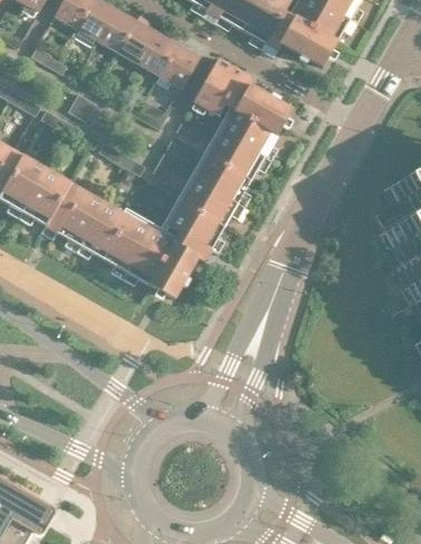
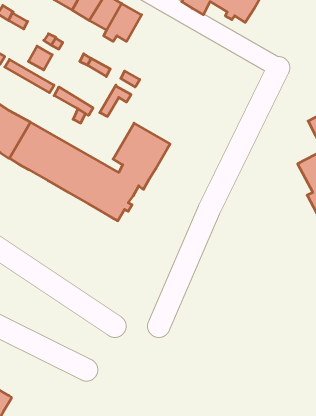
building: [192,58,291,208] -> none

